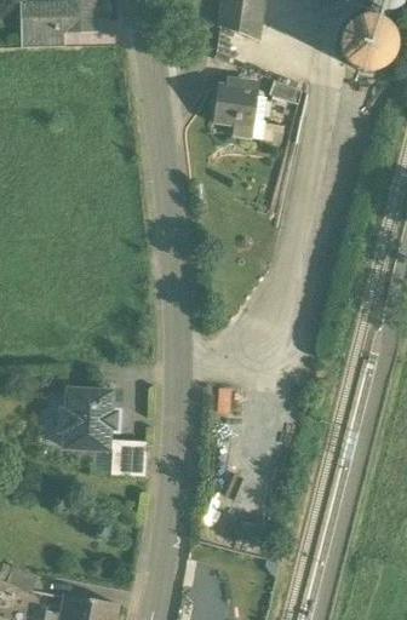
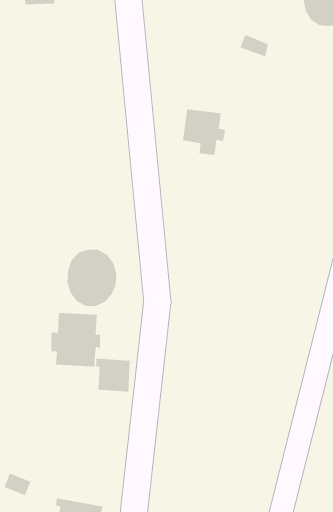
building: [213,84,262,136] -> [182,109,226,156]
building: none -> [67,249,117,307]

